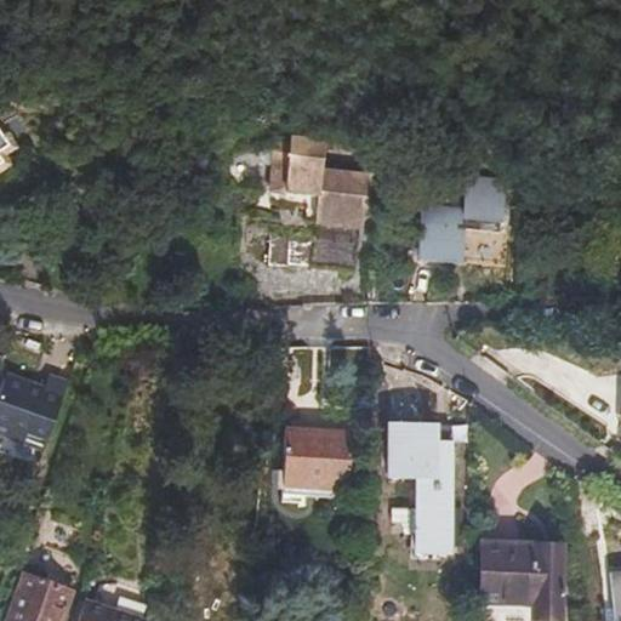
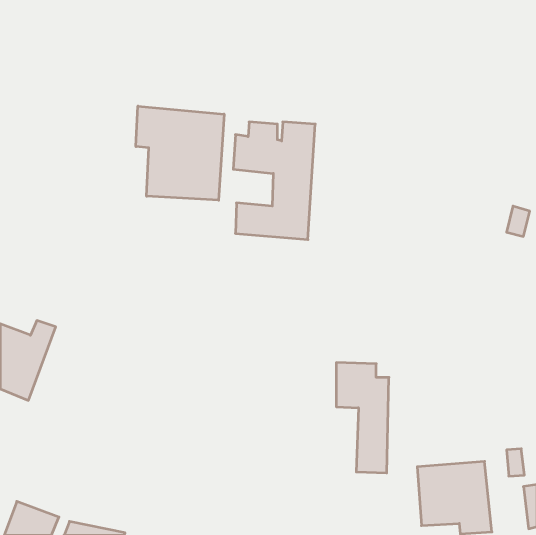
building: none -> [136,106,224,200]
building: [425,193,508,253] -> none
building: [281,428,353,495] -> none

